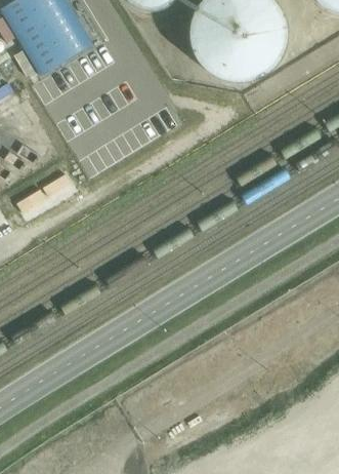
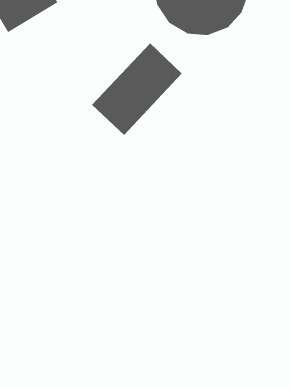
building: none -> [91,43,183,136]

